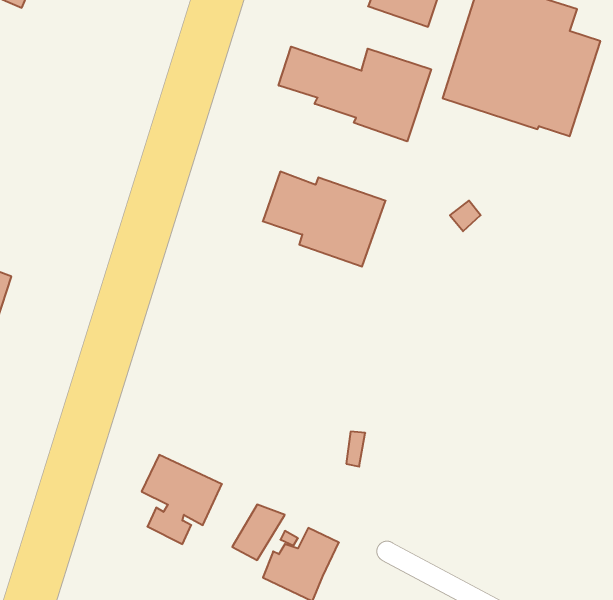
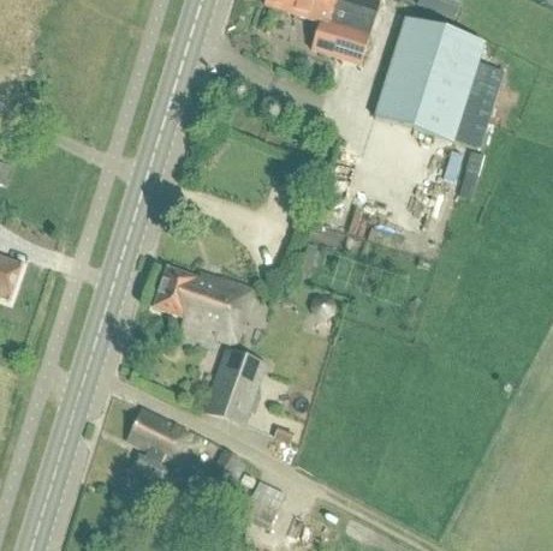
building: [279,47,431,141] -> none
building: [263,172,386,267] -> [151,264,252,342]
building: none -> [203,351,262,421]

